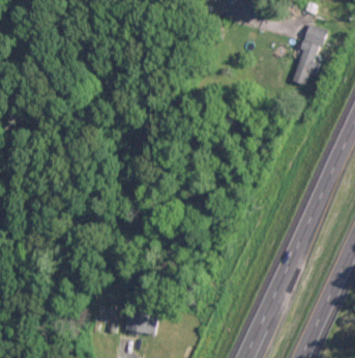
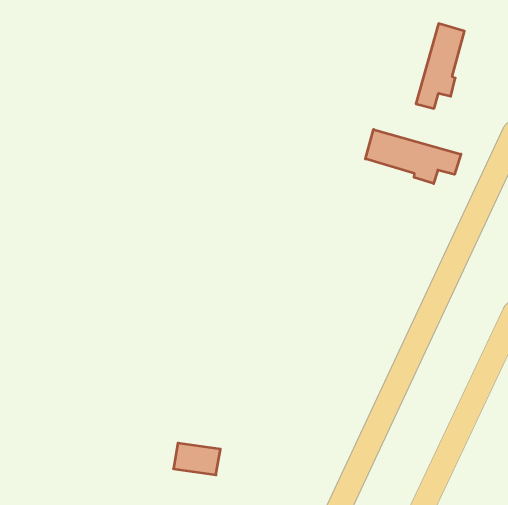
building: none -> [365,129,461,184]

